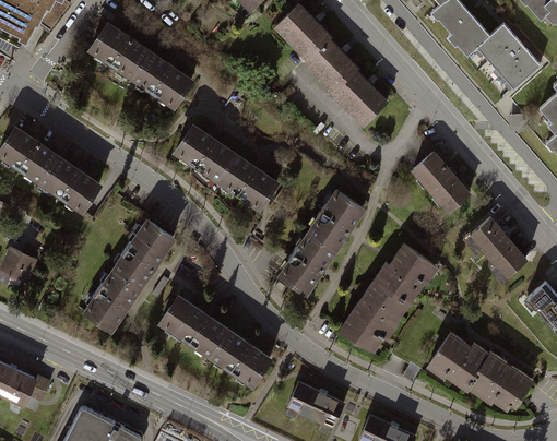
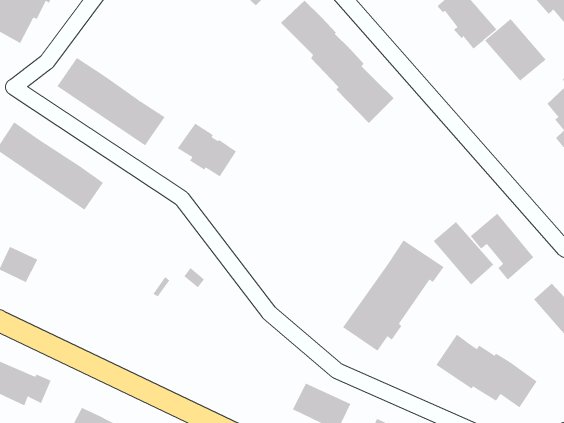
building: [90,24,197,111] -> [57,57,165,146]
building: [411,151,471,214] -> [433,221,494,286]
building: [217,156,276,210] -> none
building: [275,189,365,296] -> none
building: [81,217,177,334] -> none
building: [158,291,275,390] -> none

